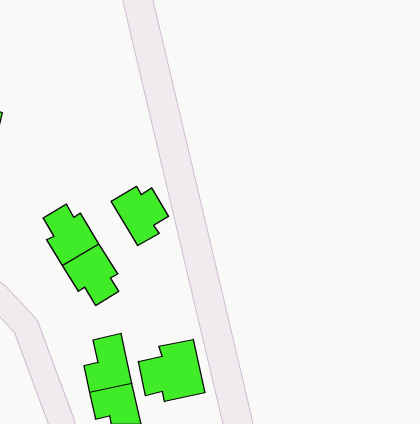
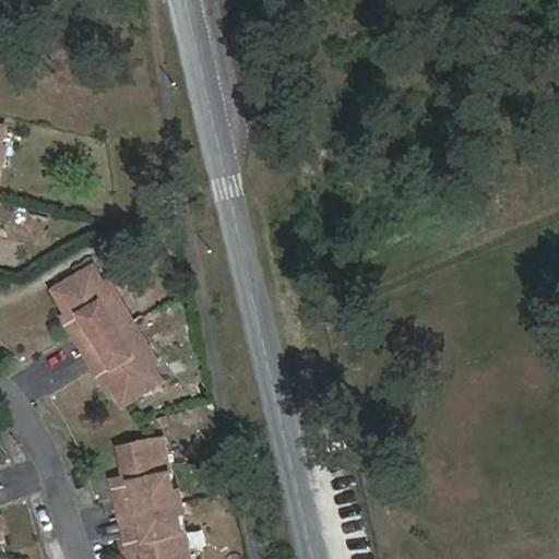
building: [111,186,168,246] -> none
building: [138,339,205,402] -> none

